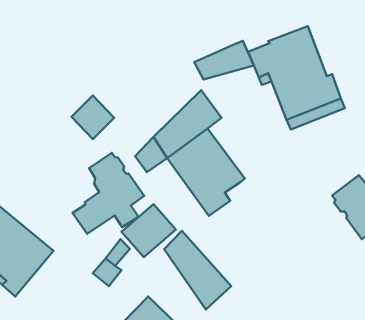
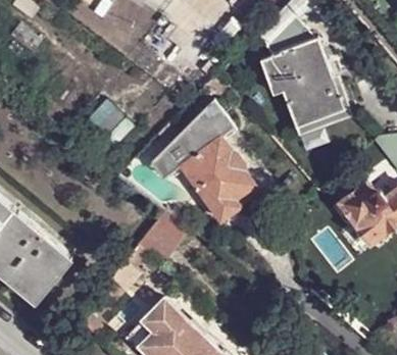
building: [194,41,254,80] -> none
building: [72,153,144,234] -> none
building: [164,231,231,309] -> none

